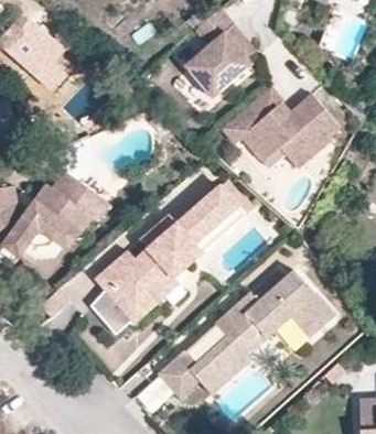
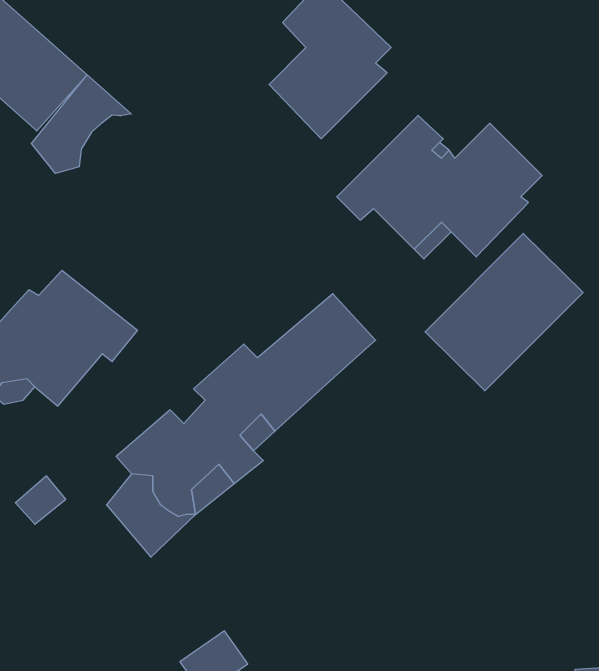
building: none -> [31,75,131,173]
building: none -> [425,233,583,391]
building: [160,270,335,395] -> none

